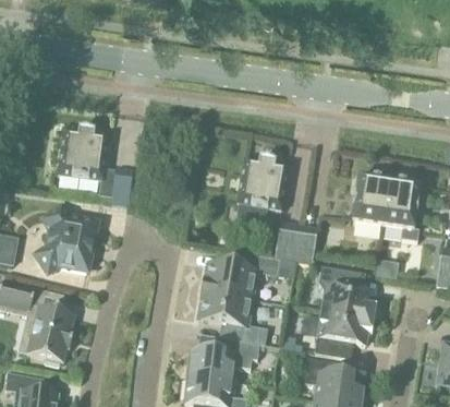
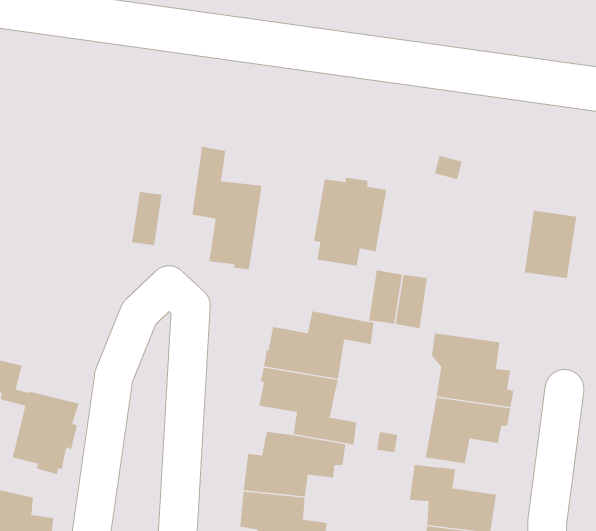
building: [59,129,109,180] -> none
building: none -> [192,146,262,270]
building: [352,176,390,225] -> none
building: [39,210,97,271] -> none

